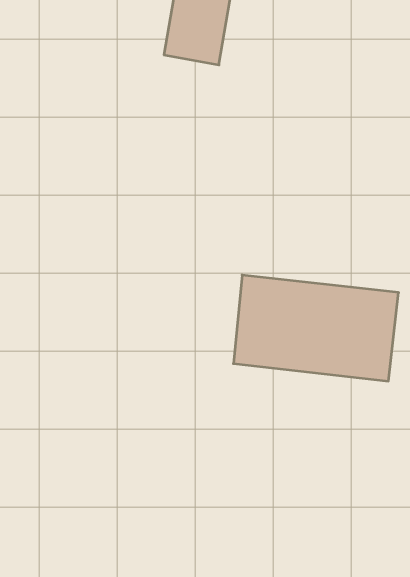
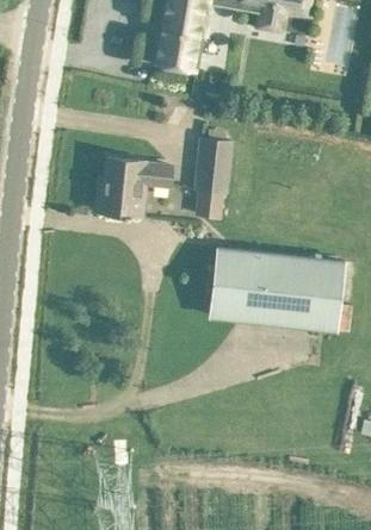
building: none -> [193,137,234,219]
building: none -> [97,158,172,218]

